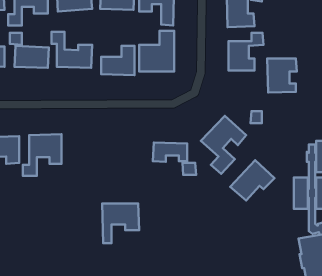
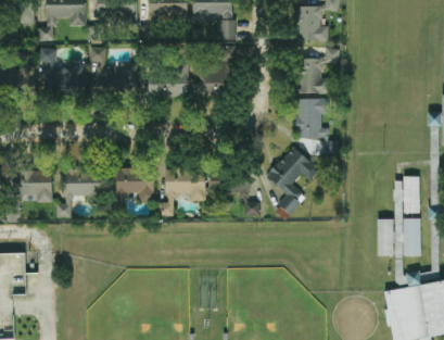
building: [267,59,297,93] -> [295,98,330,138]
building: none -> [116,168,154,201]
building: [230,160,275,201] -> none
building: [102,203,139,243] -> [163,168,206,215]

